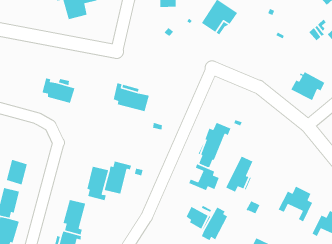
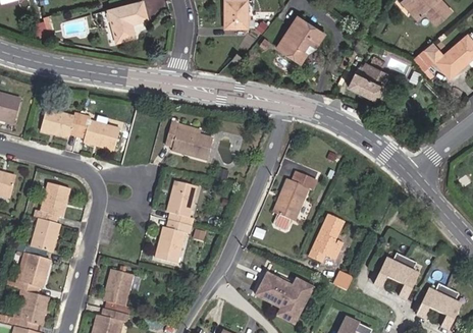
building: [290,71,326,101] -> [348,62,392,100]
building: none -> [41,110,82,136]
building: none -> [34,182,69,223]
building: [188,163,220,191] -> none
building: [86,166,109,201] -> [167,181,196,226]

